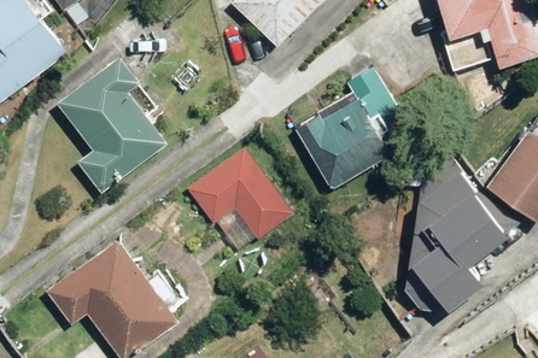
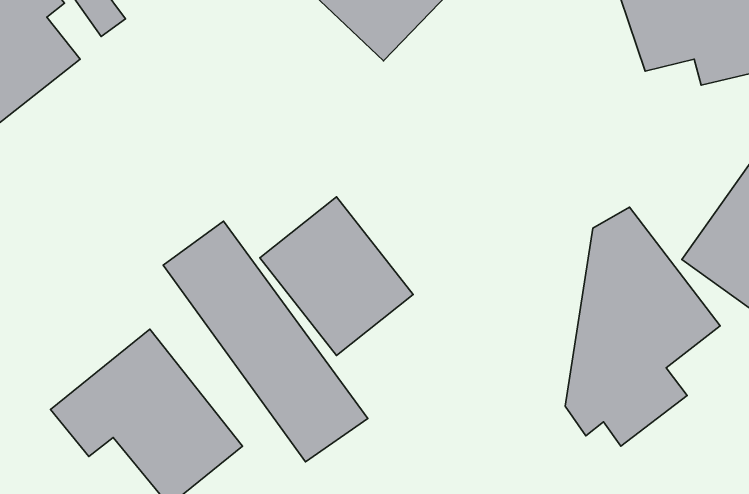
building: [54,55,162,192] -> none
building: [296,70,399,192] -> none
building: none -> [163,221,368,462]

